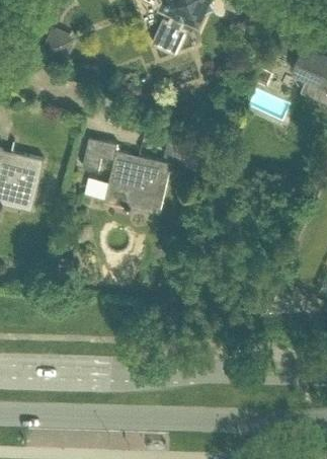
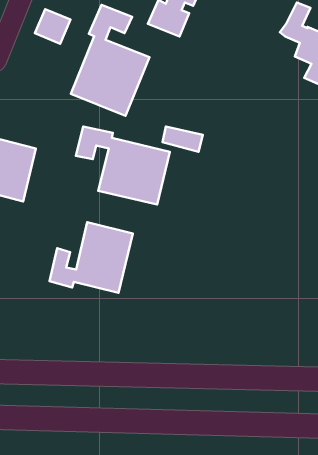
building: none -> [71,5,150,116]
building: none -> [50,222,133,293]

